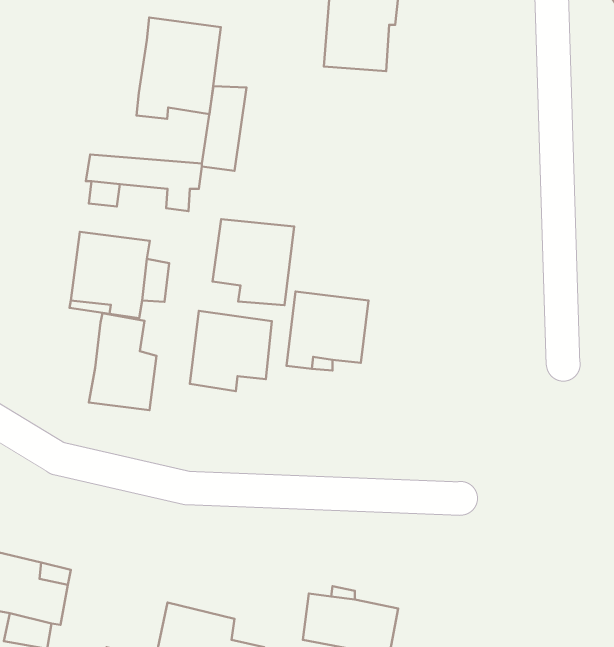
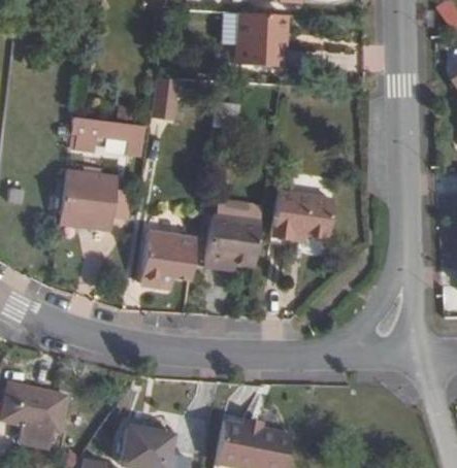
building: [136,17,221,119] -> none
building: [213,219,294,305] -> none
building: none -> [279,186,337,234]
building: [89,313,156,410] -> none

